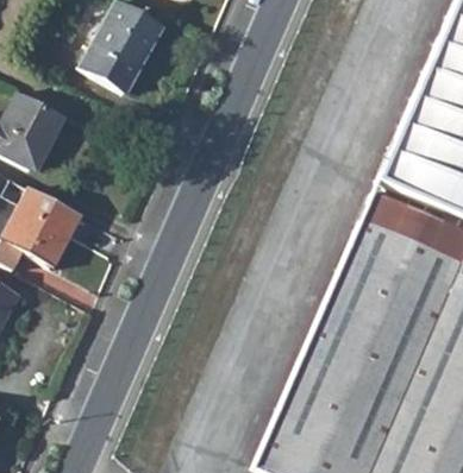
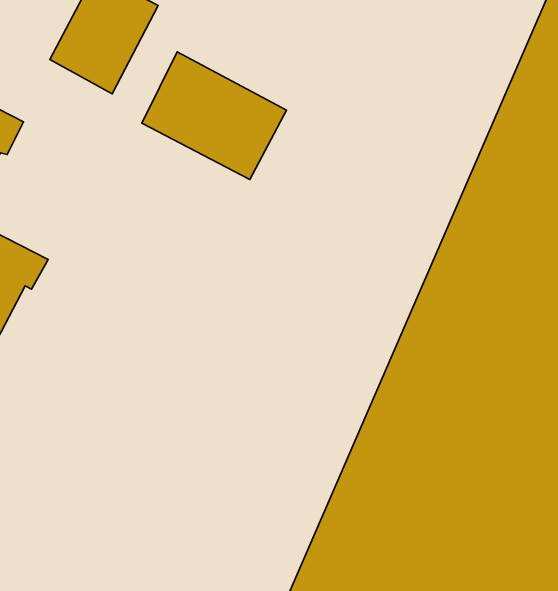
building: none -> [142,52,286,180]

